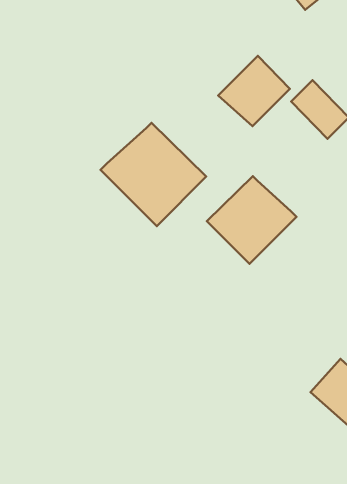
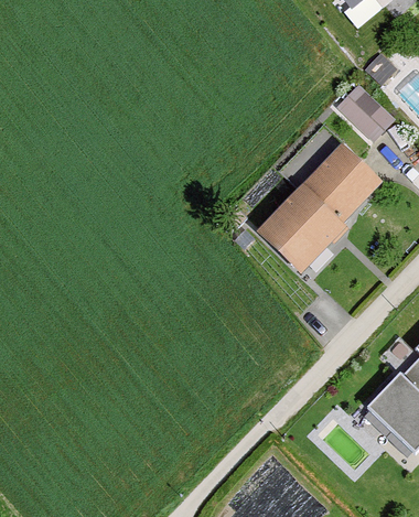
building: [218,56,290,126] -> [307,149,380,222]
building: [101,123,206,226] -> none

